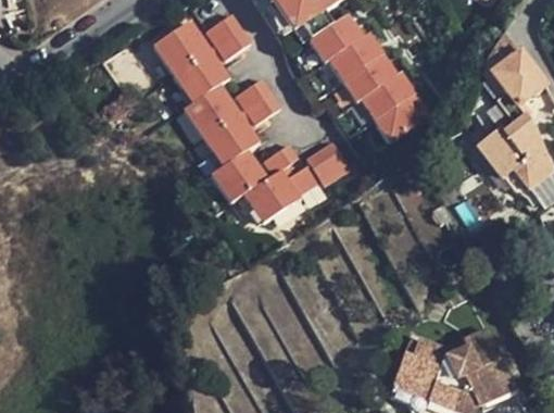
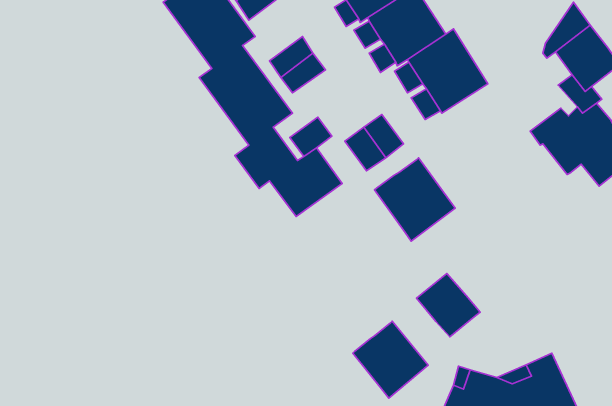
building: none -> [375,158,455,241]
building: none -> [417,273,480,337]
building: none -> [353,321,428,398]

